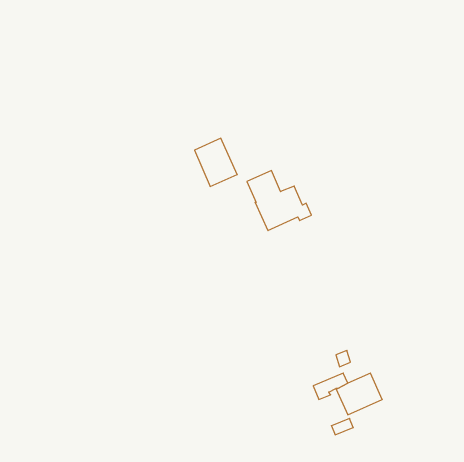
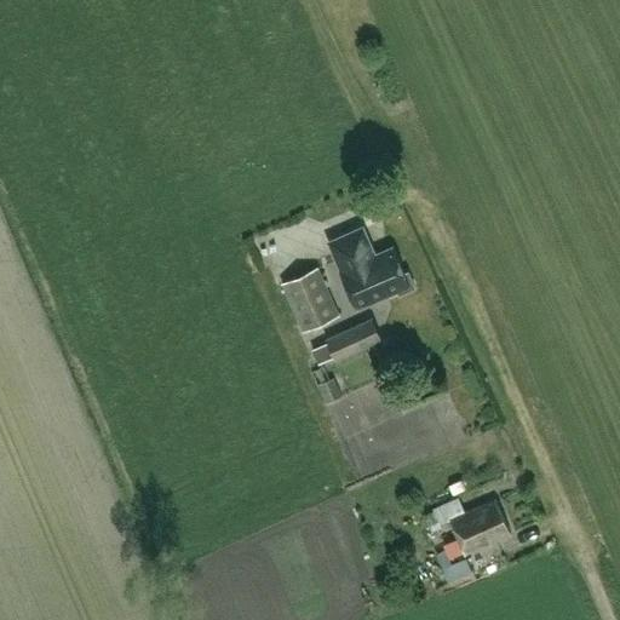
building: [195,138,237,186] -> [282,268,339,332]
building: none -> [326,321,380,360]

